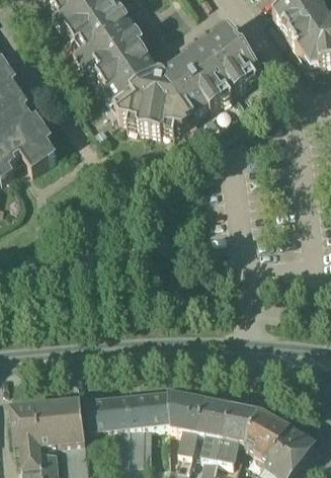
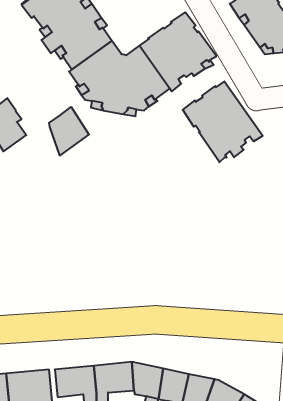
building: none -> [183,81,263,162]
building: none -> [49,107,89,156]

